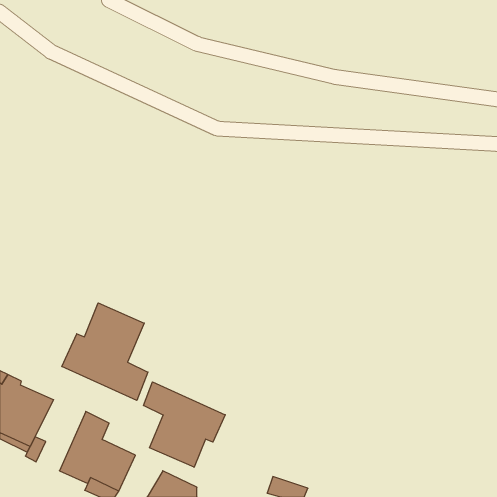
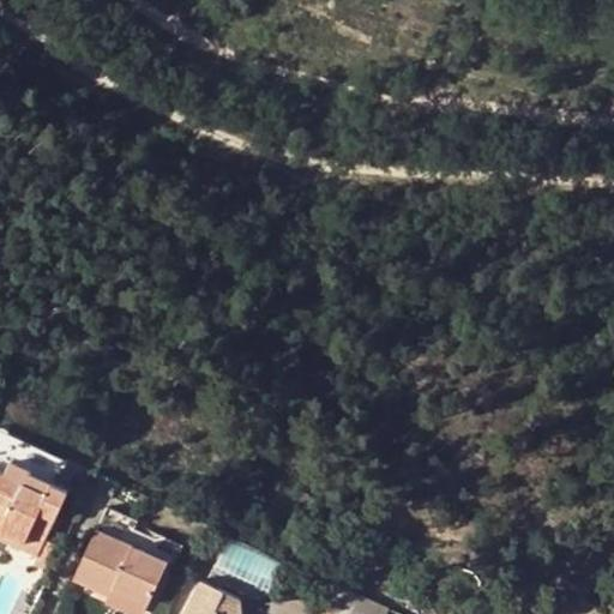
building: [62,303,148,400] -> none
building: [144,382,225,467] -> none

